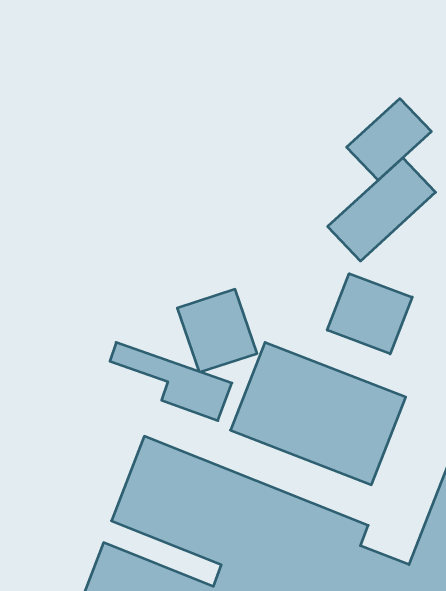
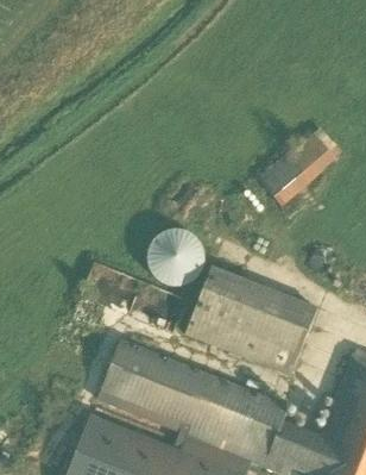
building: [347,99,431,180] -> none
building: [327,274,412,354] -> none

